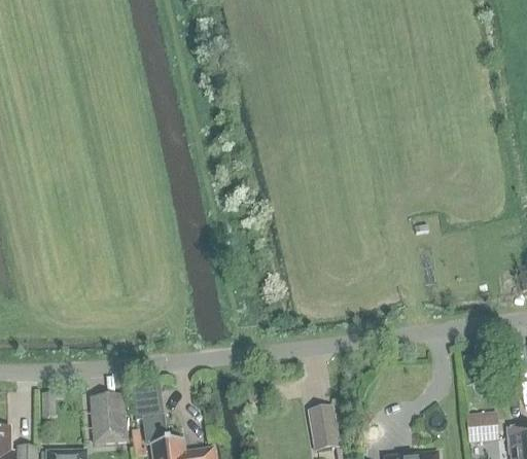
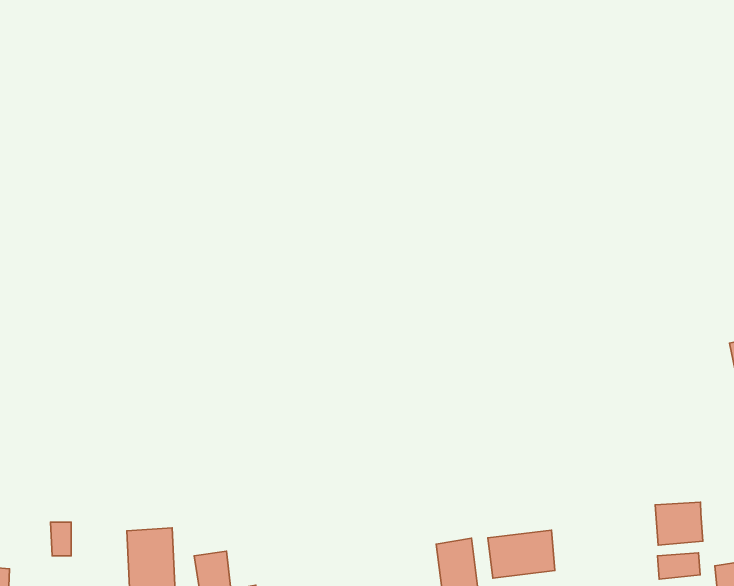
building: none -> [655,502,703,545]
building: none -> [488,530,555,578]

